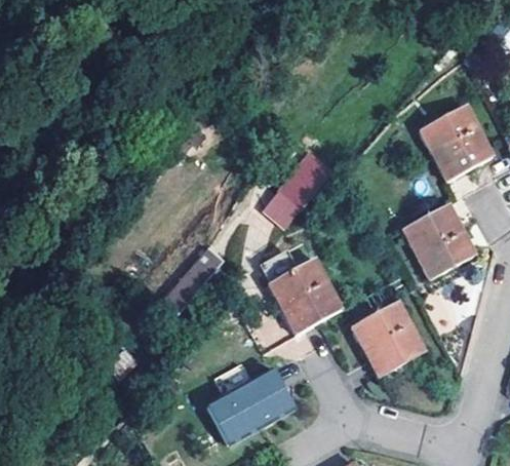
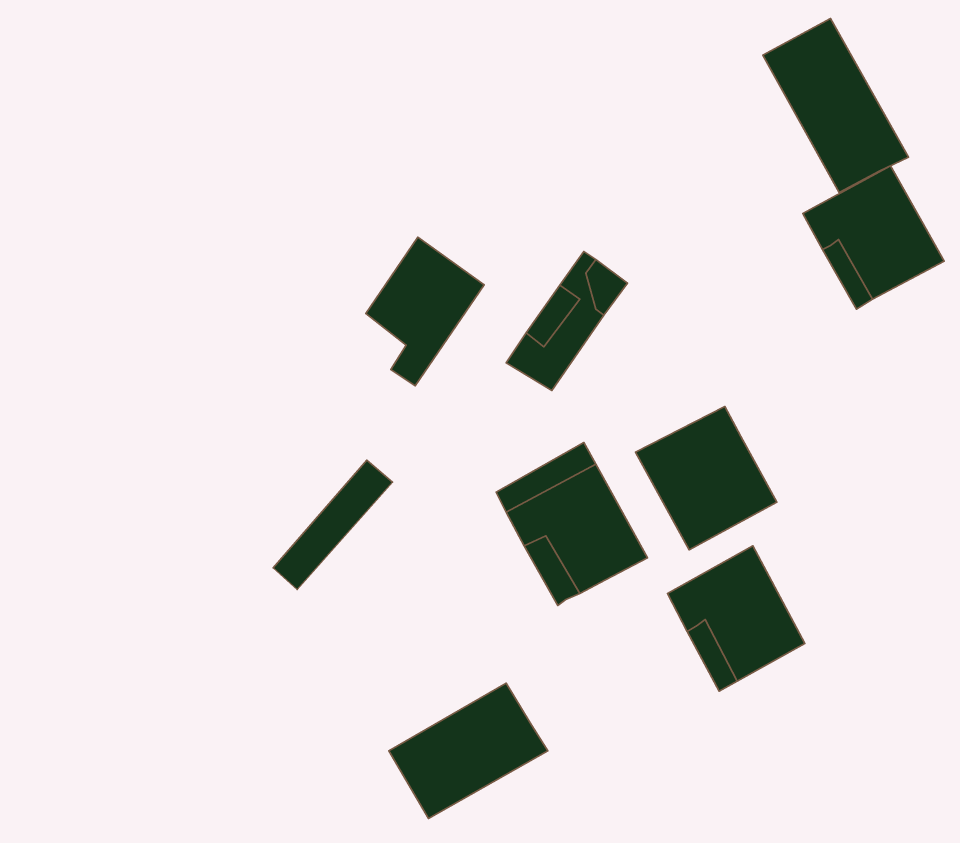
building: none -> [763,19,909,192]
building: none -> [366,237,484,386]
building: [403,203,476,277] -> [635,407,777,550]

